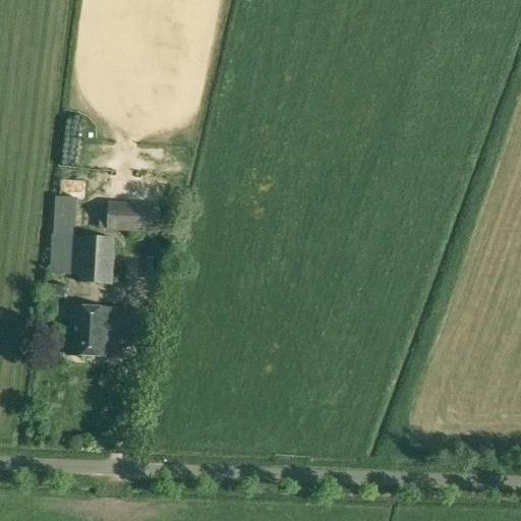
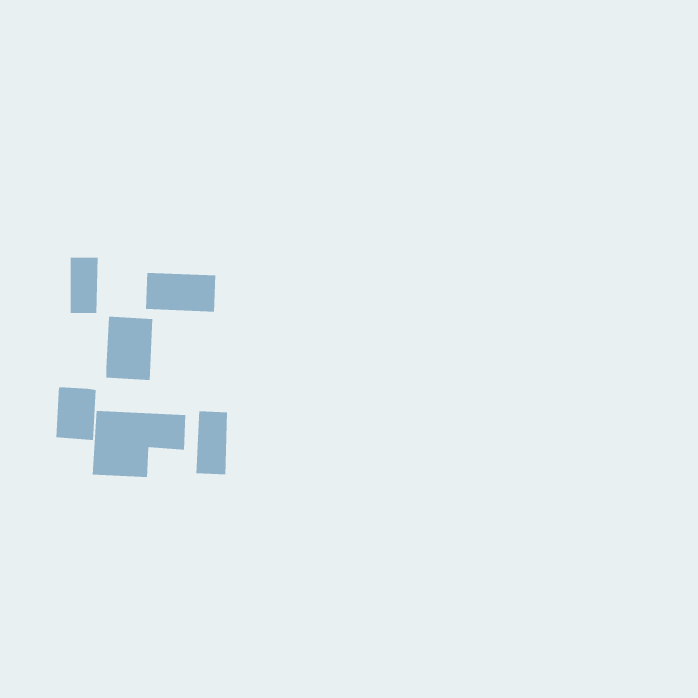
building: [51,234,81,274] -> [56,387,97,440]
building: none -> [196,410,227,475]

